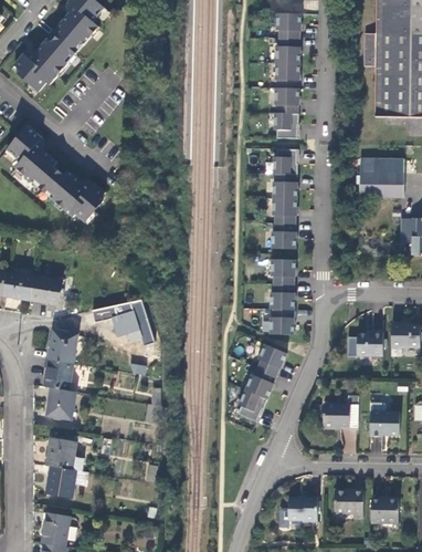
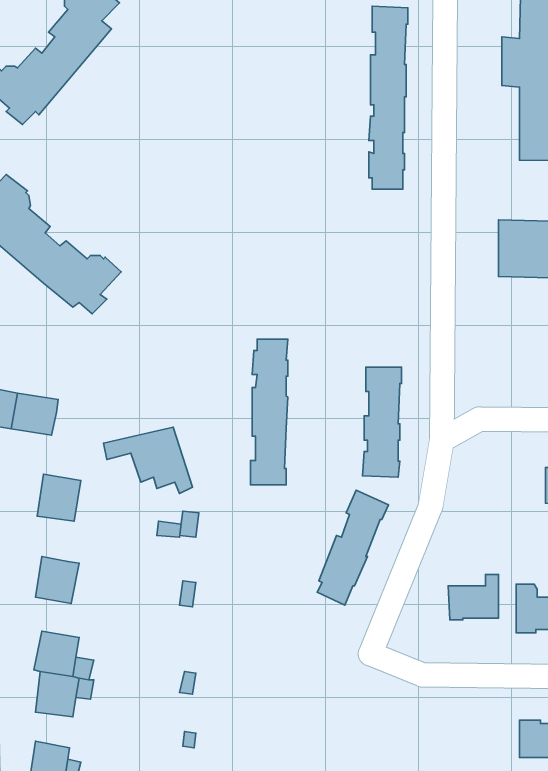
building: [271,147,296,247] -> [251,339,288,485]
building: [359,333,386,358] -> none
building: [42,360,72,390] -> none
building: [339,490,368,520] -> none
building: [293,499,321,523] -> none

